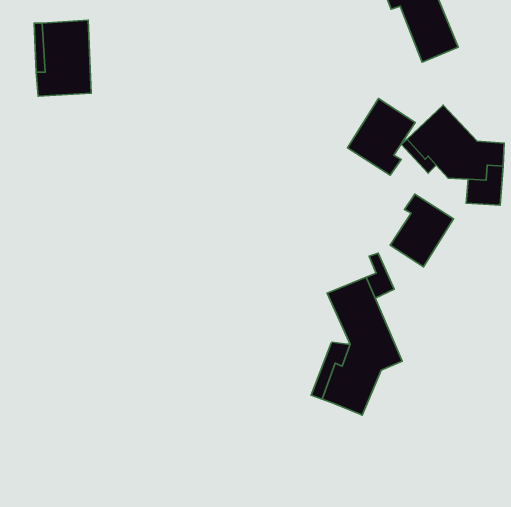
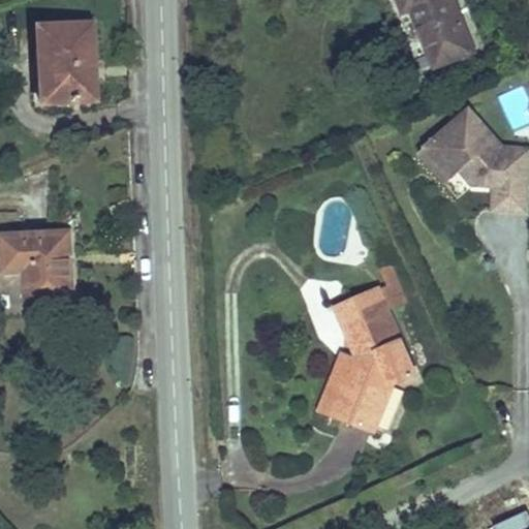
building: [348,98,415,175] -> none
building: [390,194,453,267] -> none
building: none -> [4,230,74,303]

